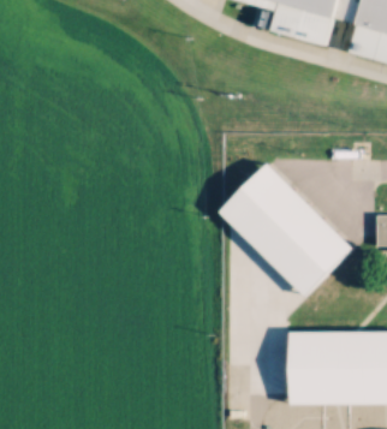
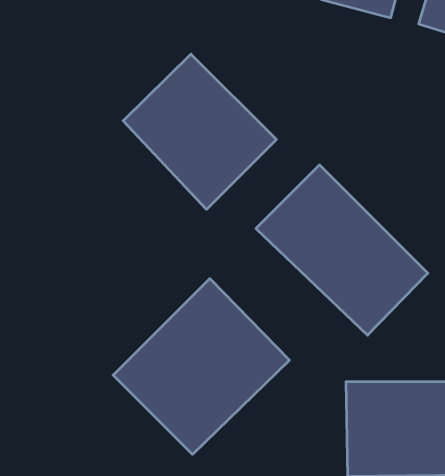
building: none -> [123,54,276,209]
building: none -> [113,279,289,454]

